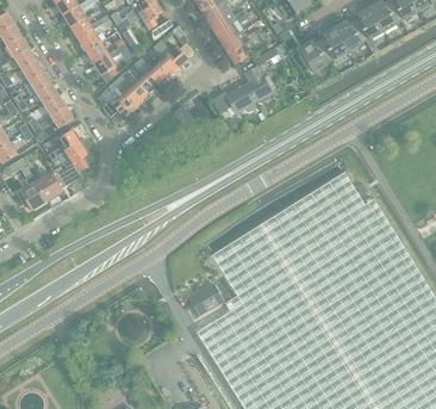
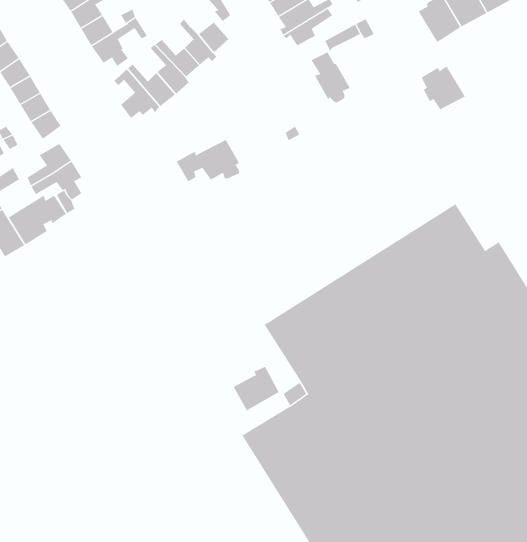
building: [300,39,331,70] -> [421,65,466,110]
building: [212,83,256,113] -> [176,139,240,182]

